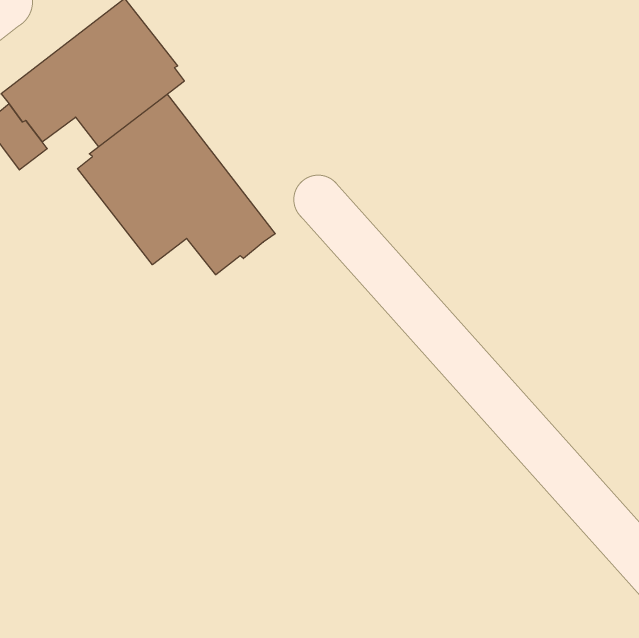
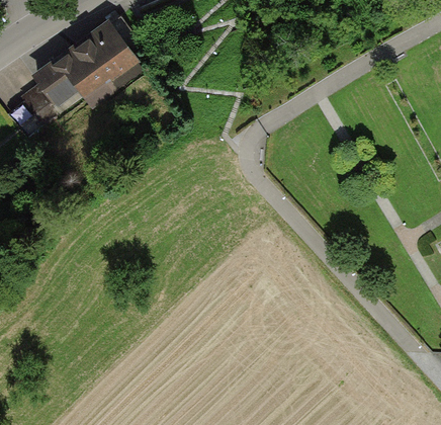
building: [78,94,275,275] -> none

